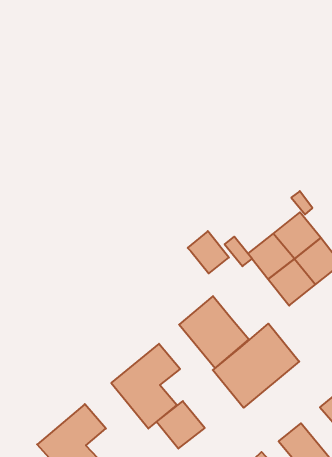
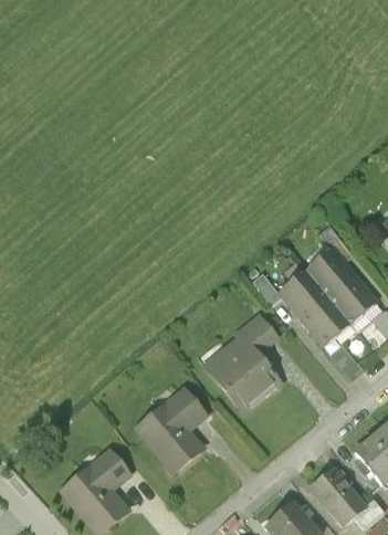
building: [188,231,229,273] -> [238,314,281,358]
building: [213,324,299,408] -> none
building: [156,401,205,449] -> none

